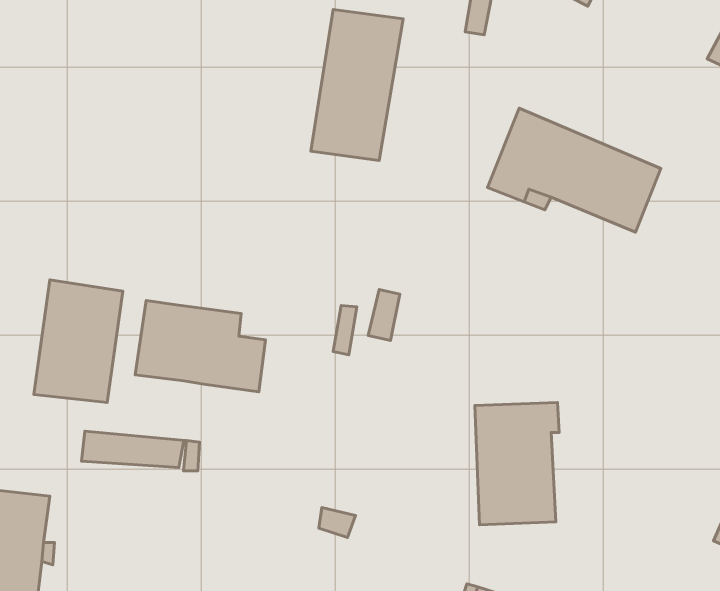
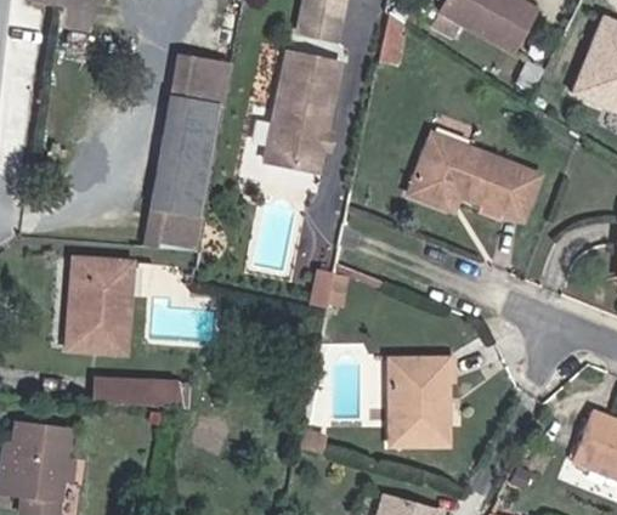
building: none -> [147,63,231,262]
building: [135,300,266,392] -> none

